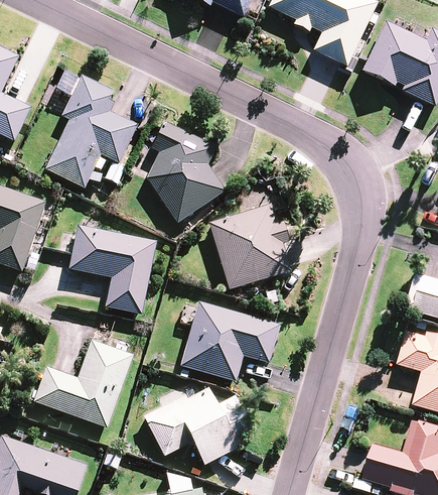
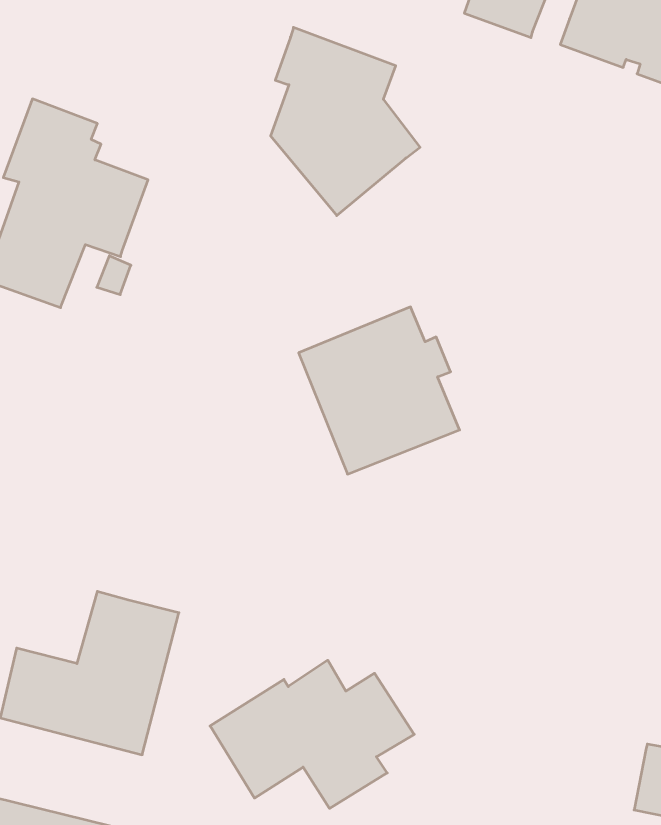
building: [146,121,225,223] -> [271,27,420,216]
building: [67,224,156,314] -> none
building: [180,300,279,380] -> none

